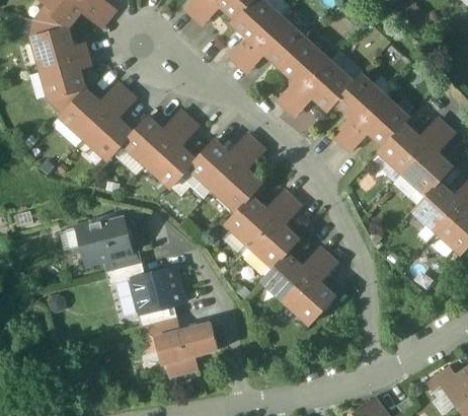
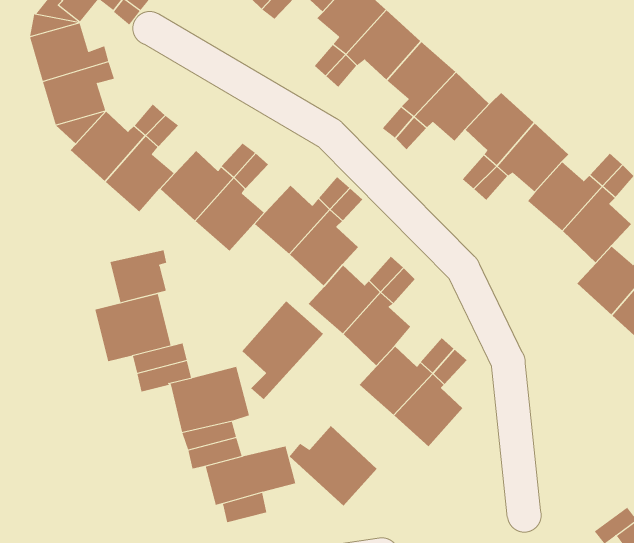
building: none -> [110,249,167,303]
building: none -> [241,300,324,400]
building: none -> [289,425,378,507]

